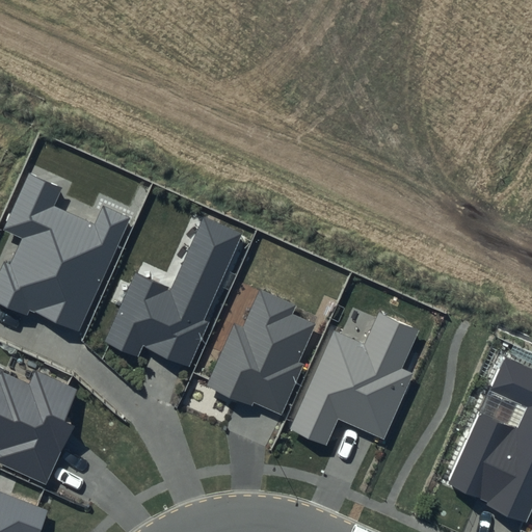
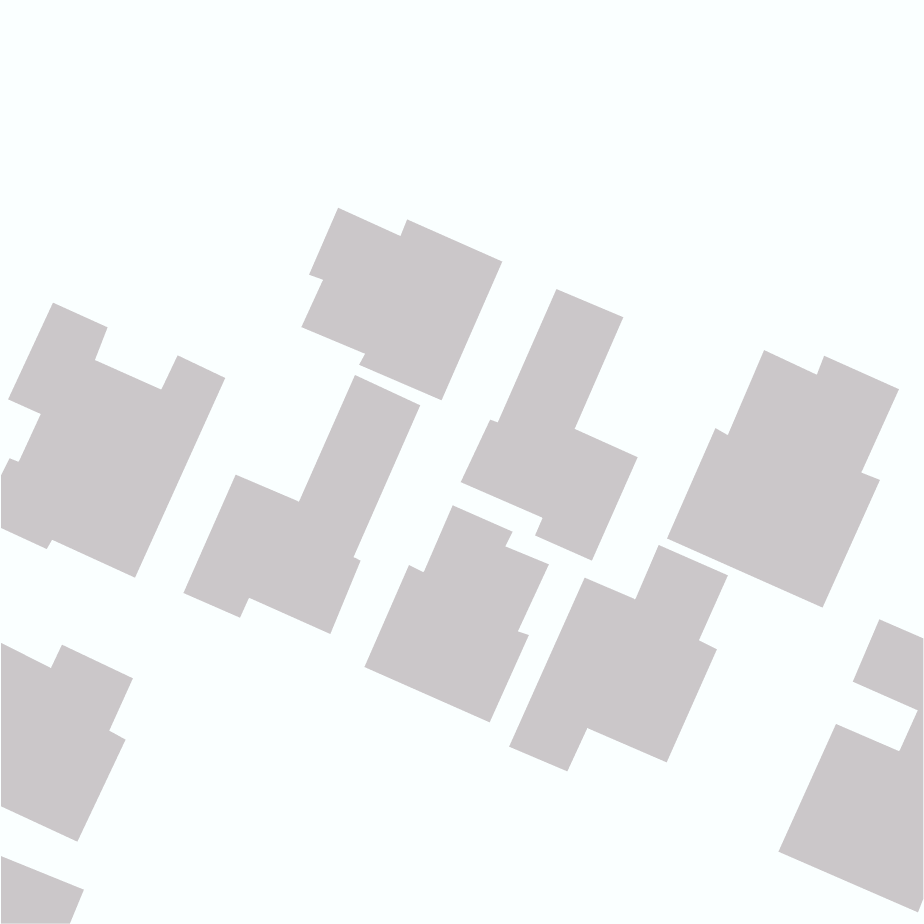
building: none -> [300,207,503,401]
building: none -> [460,288,638,562]
building: none -> [666,349,900,608]

